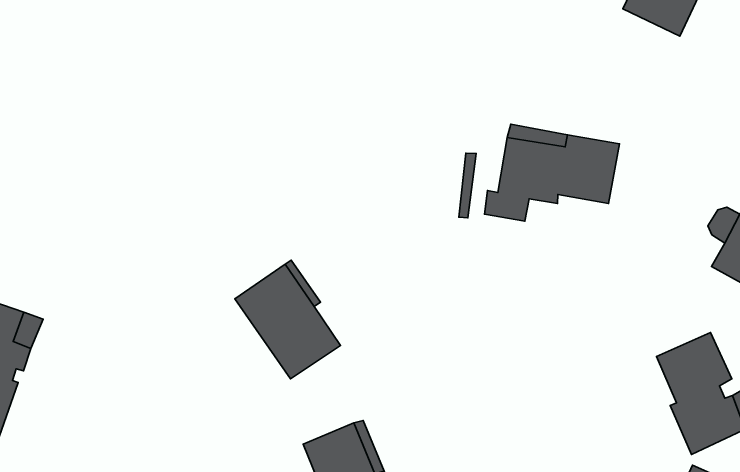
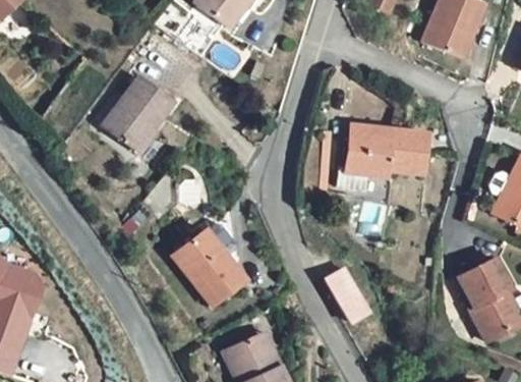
building: none -> [102,77,171,151]
building: none -> [326,267,368,321]

